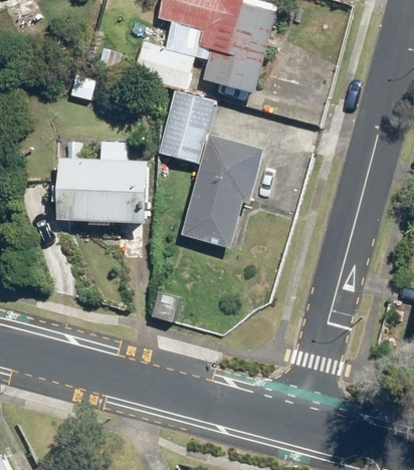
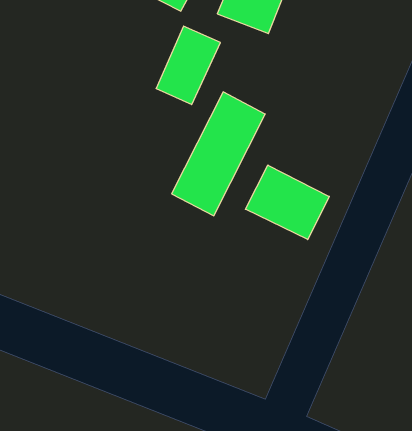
building: [62,174,141,218] -> none
building: none -> [245,165,329,240]

